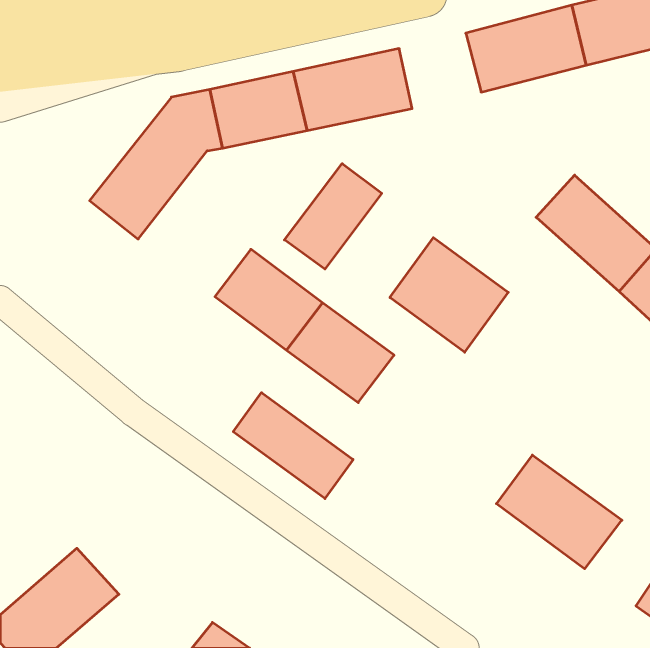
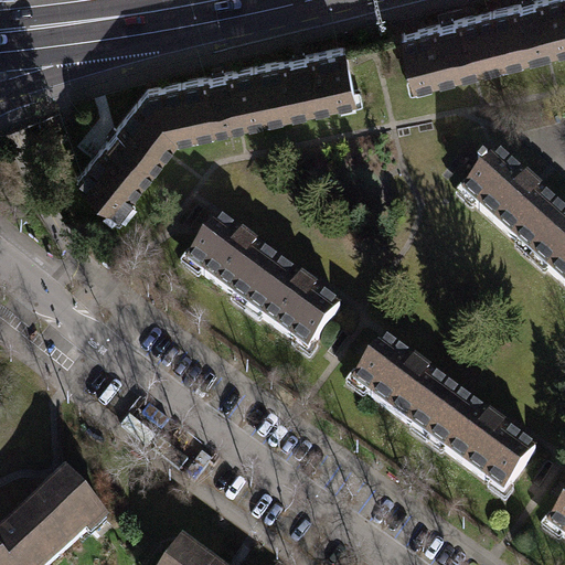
building: [284,164,382,269] -> none
building: [390,238,508,352] -> none
building: none -> [355,337,462,435]
building: [233,393,353,499] -> none

